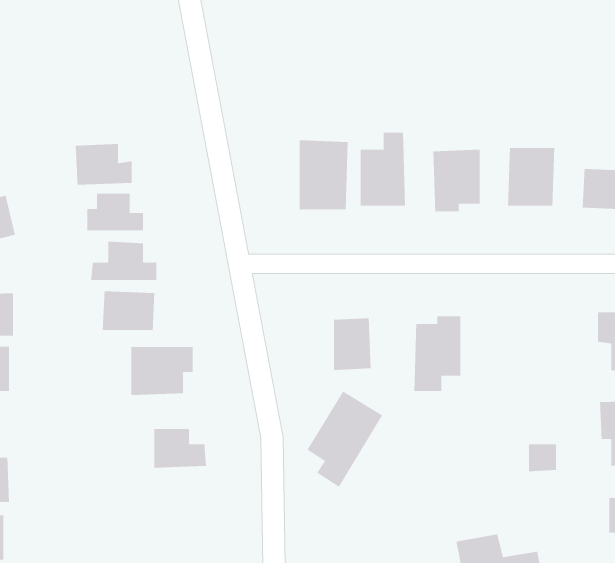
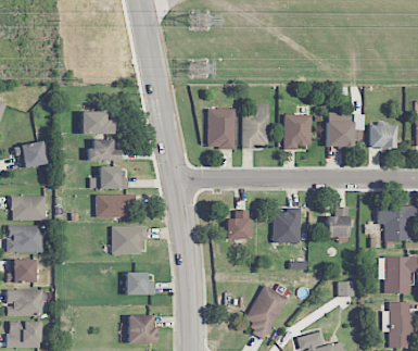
building: none -> [326,208,347,237]
building: [307,390,383,488] -> [244,285,288,340]
building: none -> [127,315,154,343]

